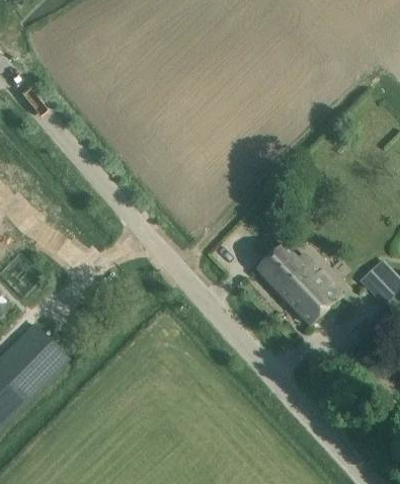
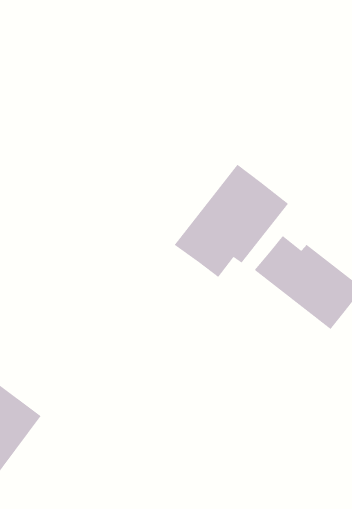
building: none -> [174,164,289,278]

